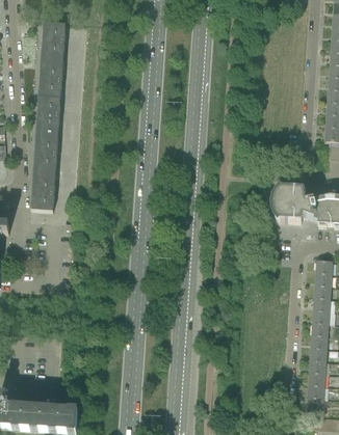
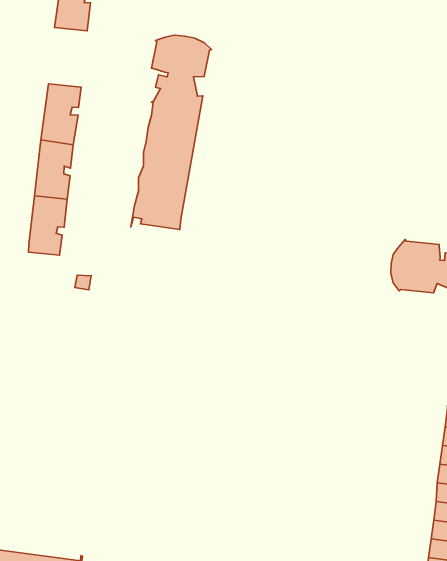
building: [38,58,62,97] -> none
building: none -> [131,35,211,229]

